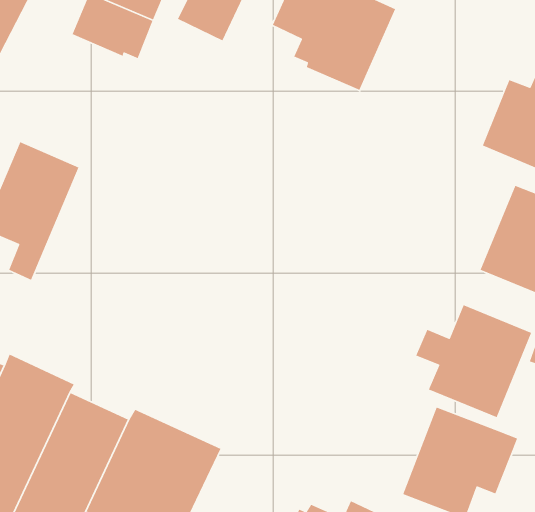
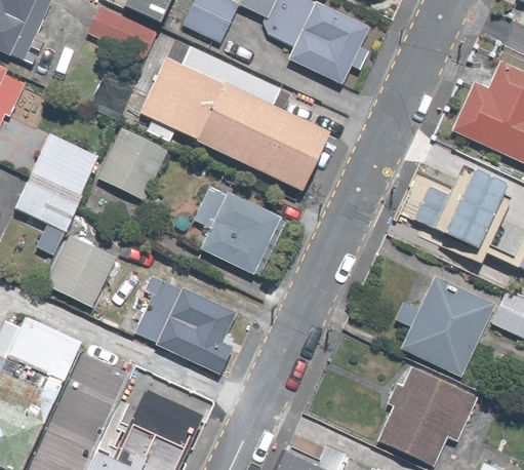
building: none -> [137,55,326,189]
building: none -> [95,126,159,196]
building: none -> [194,180,287,278]
building: none -> [45,232,120,309]
building: none -> [134,269,248,377]

